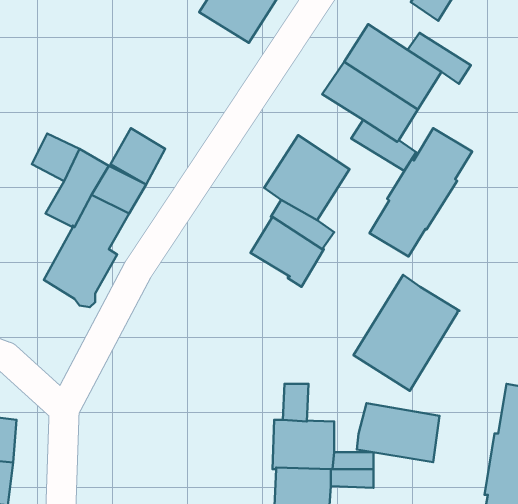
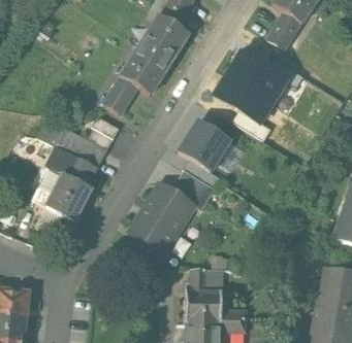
building: none -> [103,44,169,113]
building: [369,128,472,256] -> none
building: [353,275,459,391] -> [130,182,194,252]
building: [357,403,440,462] -> none

